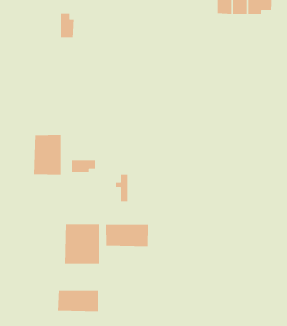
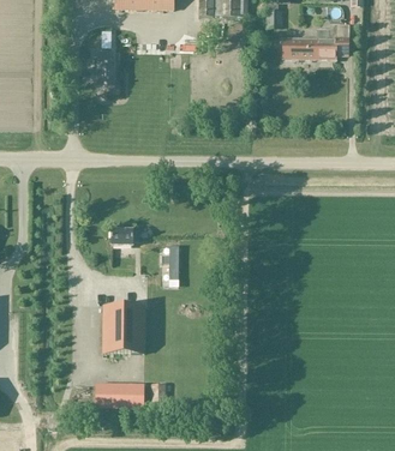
building: [33,134,61,175] -> none
building: [105,224,149,247] -> none

